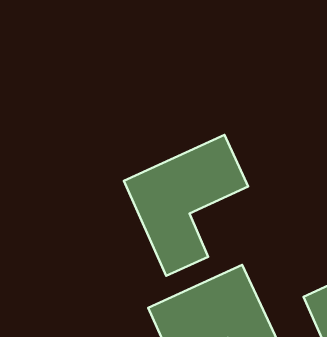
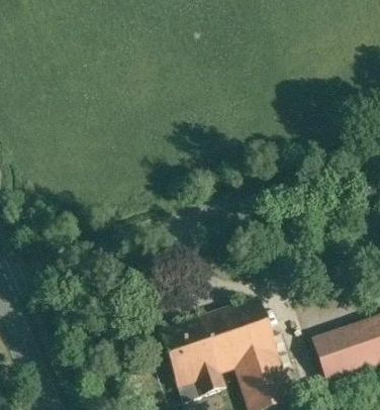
building: [124,135,248,276] -> none

